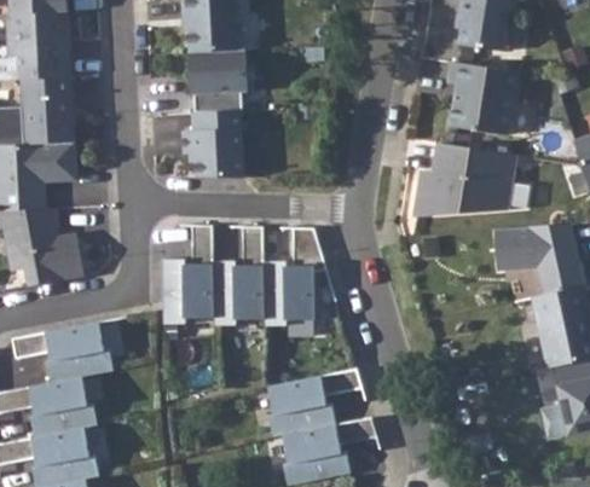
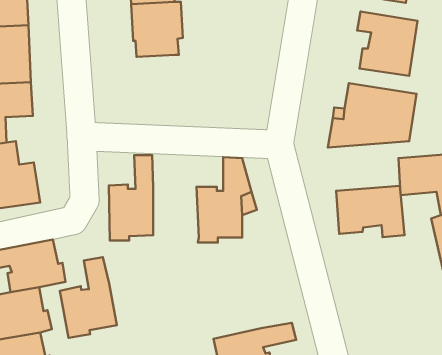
building: [181,110,241,178] -> none
building: [213,225,265,324] -> none
building: none -> [336,186,405,237]
building: none -> [60,257,117,338]
building: [267,369,361,436] -> none

